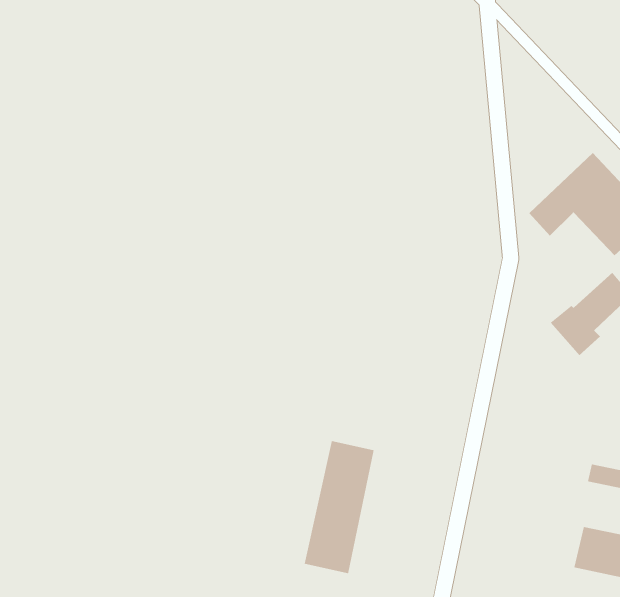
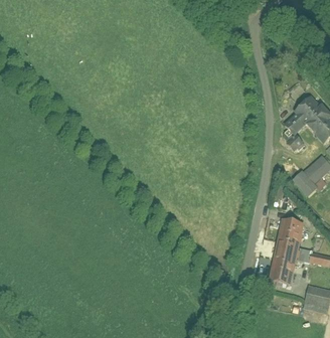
building: [304,440,374,574] -> [268,218,304,287]

